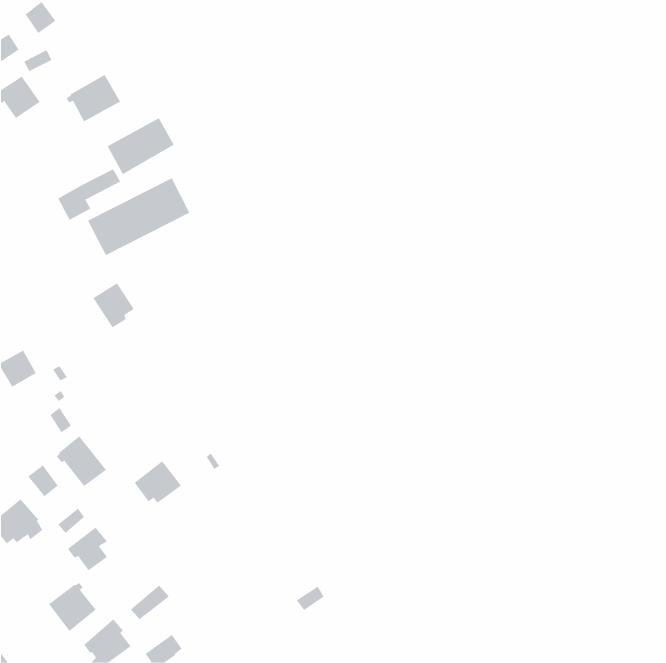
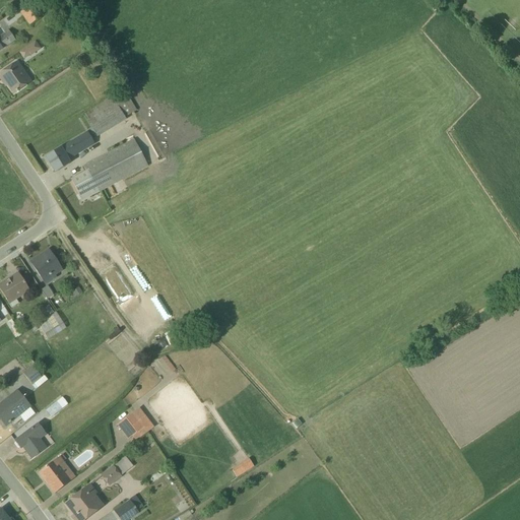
building: [66,74,121,122] -> none
building: [93,283,134,328] -> [29,248,62,283]
building: [56,436,107,487] -> none
building: [134,461,182,504] -> [116,405,153,439]
building: [67,527,108,571] -> [14,421,46,456]

